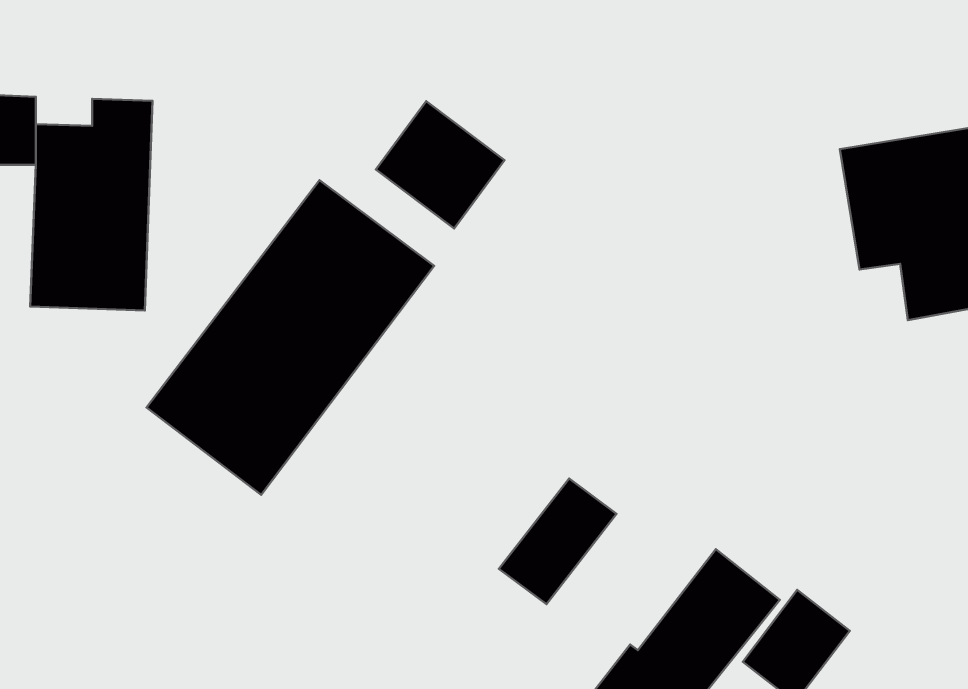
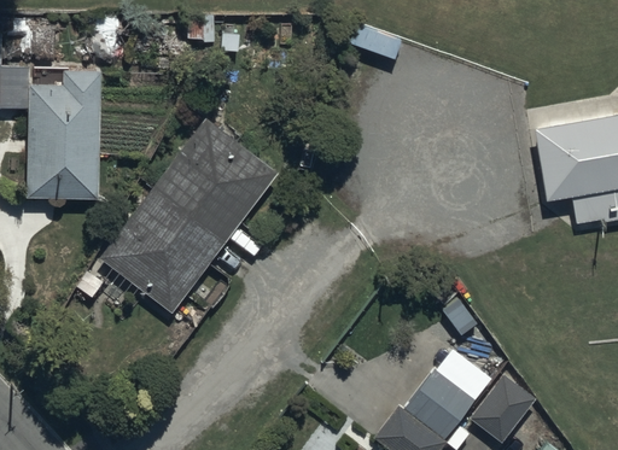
building: [376,101,504,229] -> none
building: [499,478,617,604] -> none

